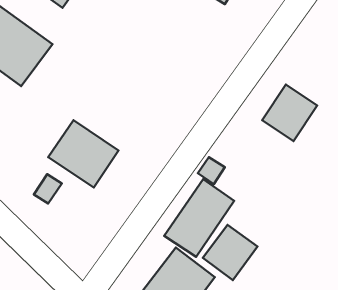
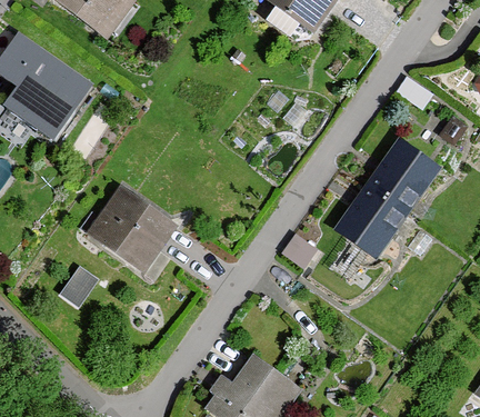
building: none -> [336,183,408,258]
building: [164,179,234,257] -> none
building: [203,225,257,280] -> none

